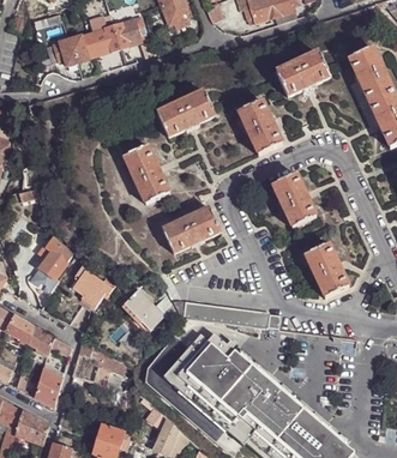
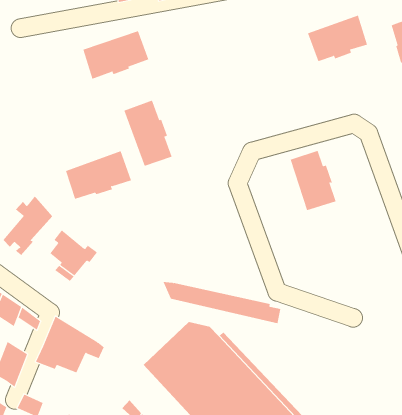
building: [157,91,216,138] -> [83,31,149,80]
building: [237,101,282,155] -> none
building: [162,207,221,254] -> [65,151,132,199]
building: [305,243,349,299] -> none
building: [124,291,173,331] -> none

